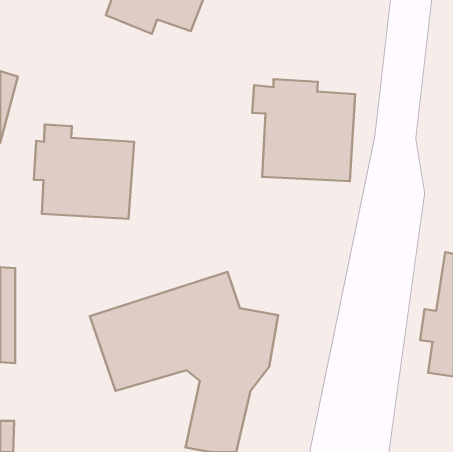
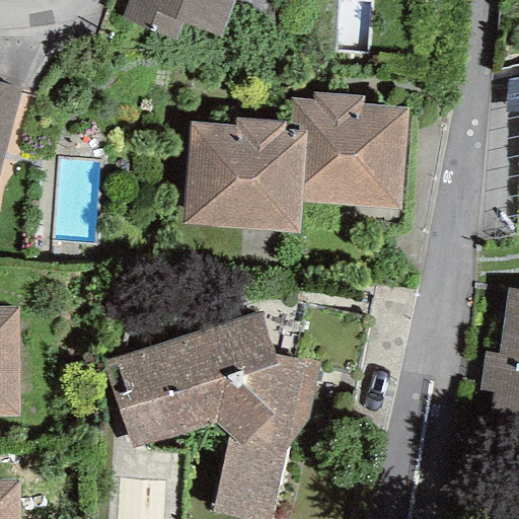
building: none -> [182,117,304,229]
building: [34,125,134,219] -> none

